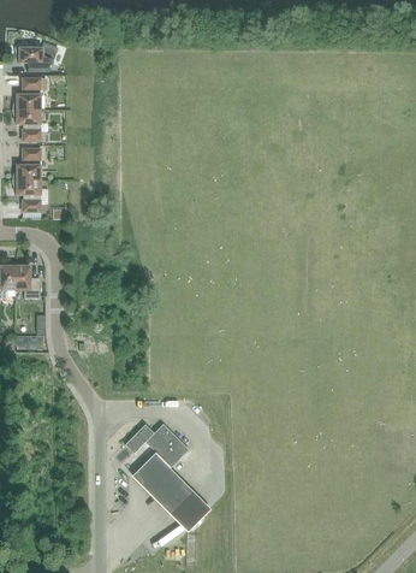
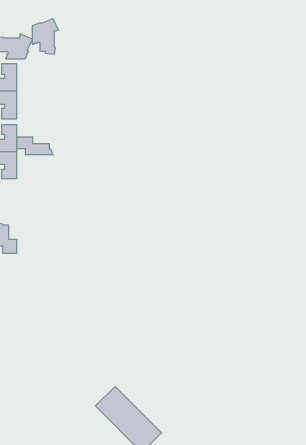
building: none -> [32,19,58,54]
building: none -> [17,137,53,155]
building: [124,423,188,467] -> none

